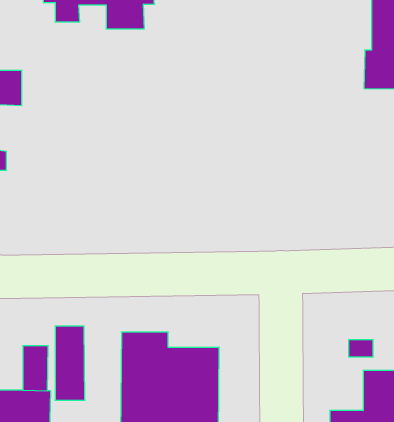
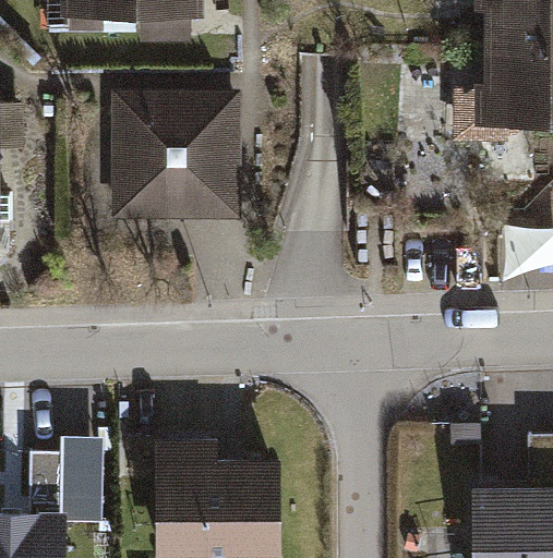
building: none -> [111,94,238,215]

